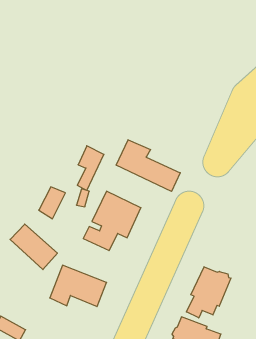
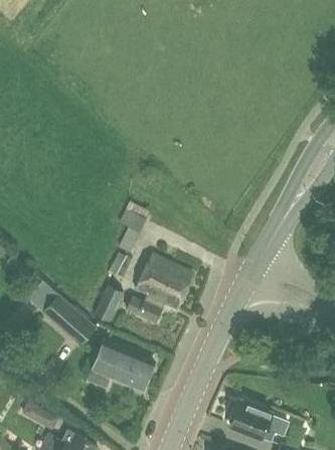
building: [116,140,180,191] -> none
building: [39,187,65,219] -> [94,286,125,323]
building: [186,267,231,318] -> none

